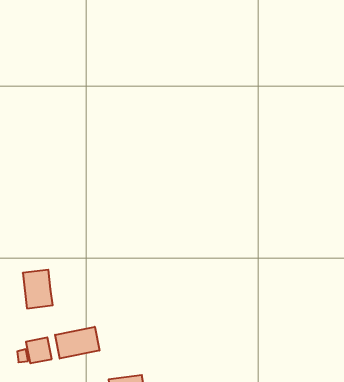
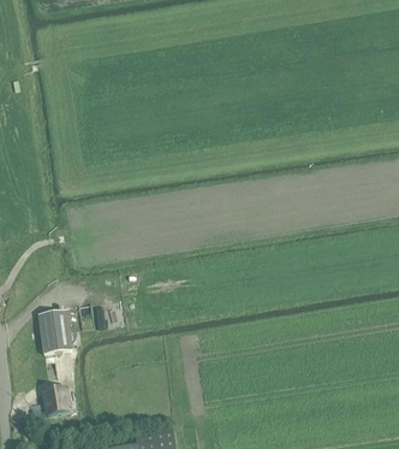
building: [55,327,99,359] -> none

